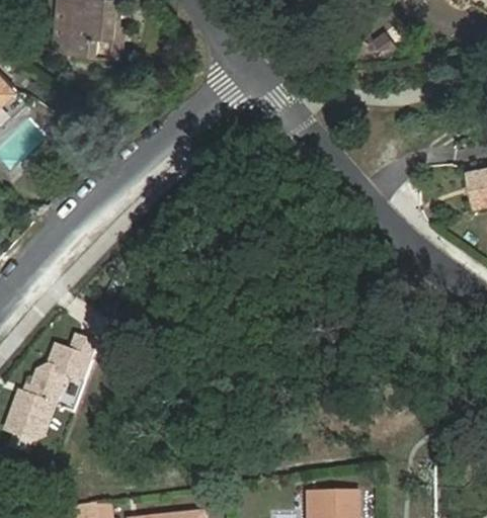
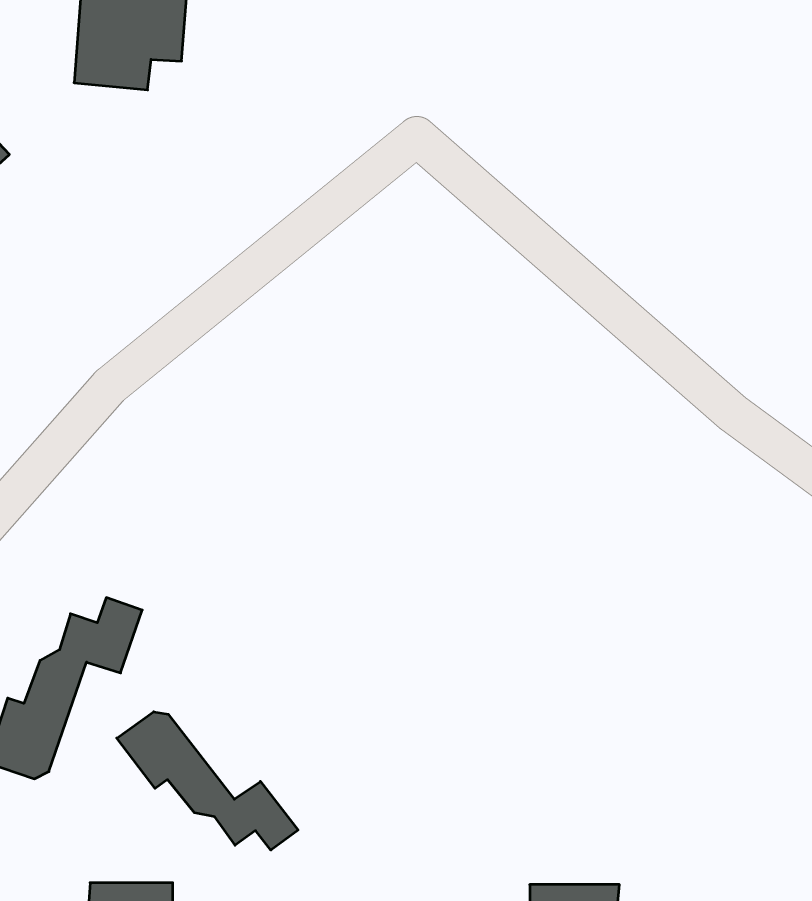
building: none -> [117,712,298,850]

